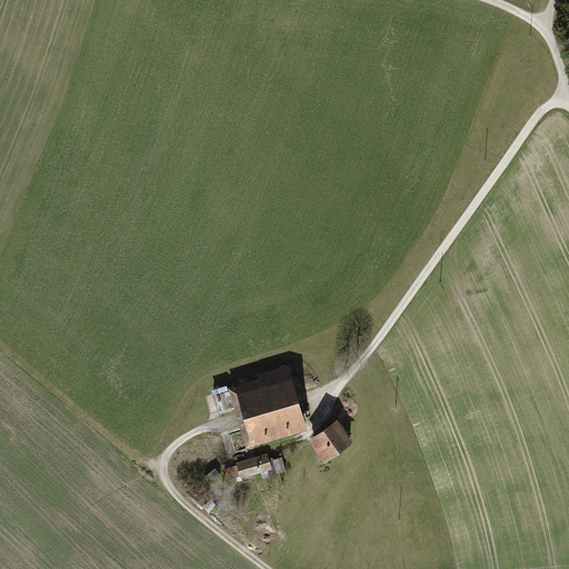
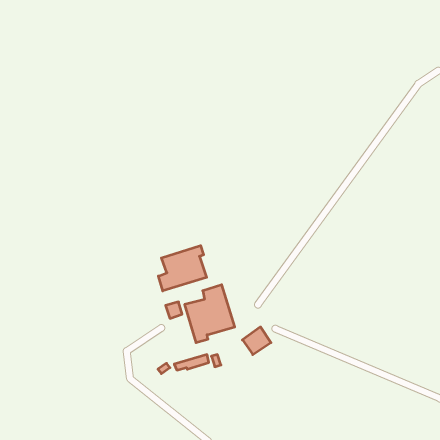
building: none -> [158,246,207,291]

